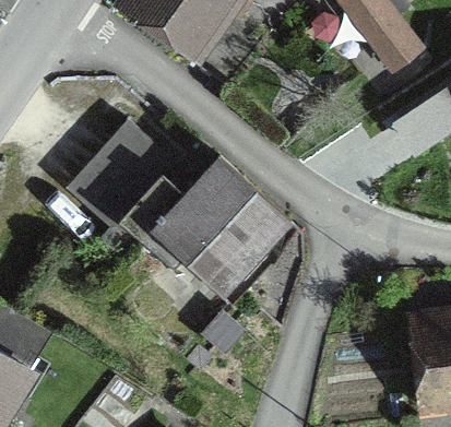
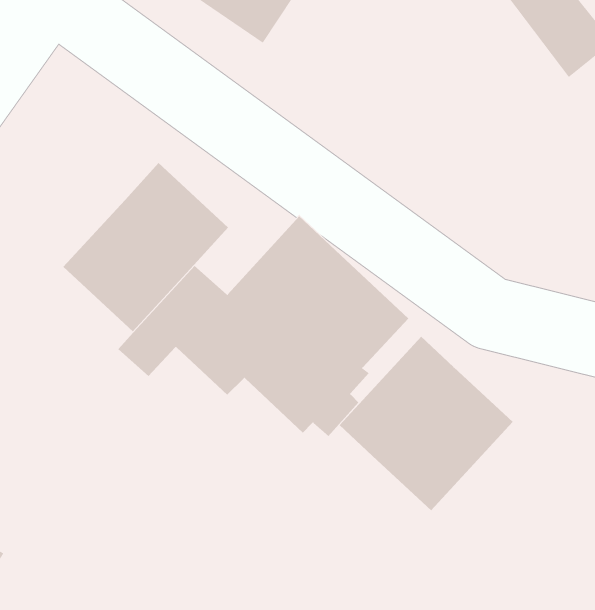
building: none -> [339,336,513,511]

